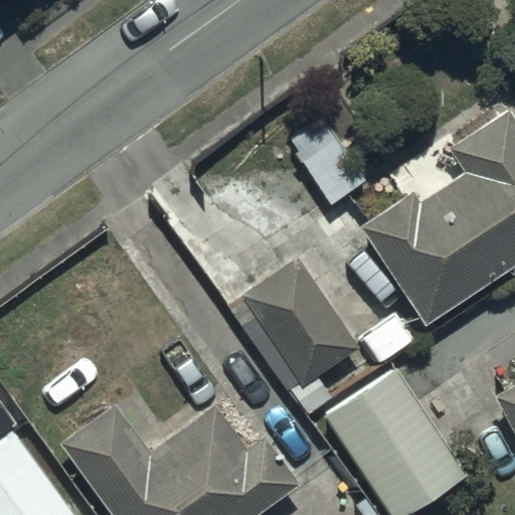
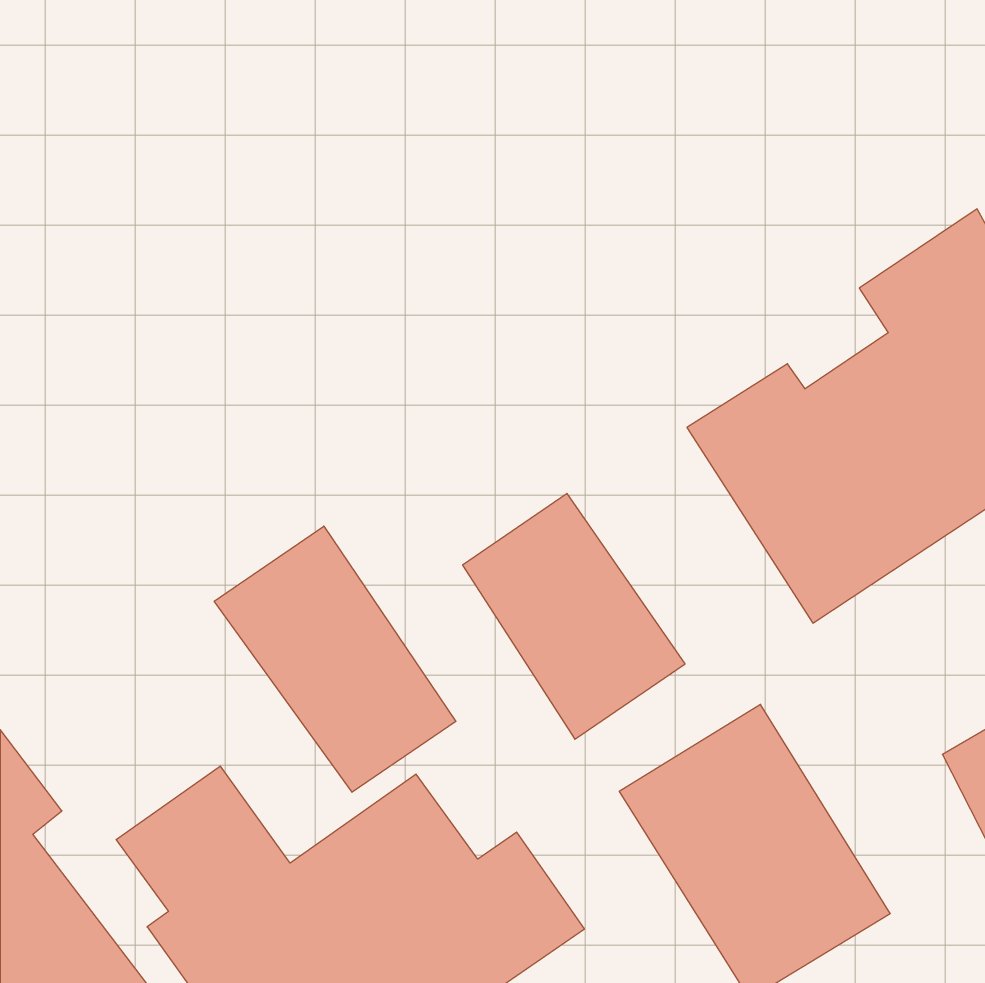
building: none -> [214,526,456,792]

